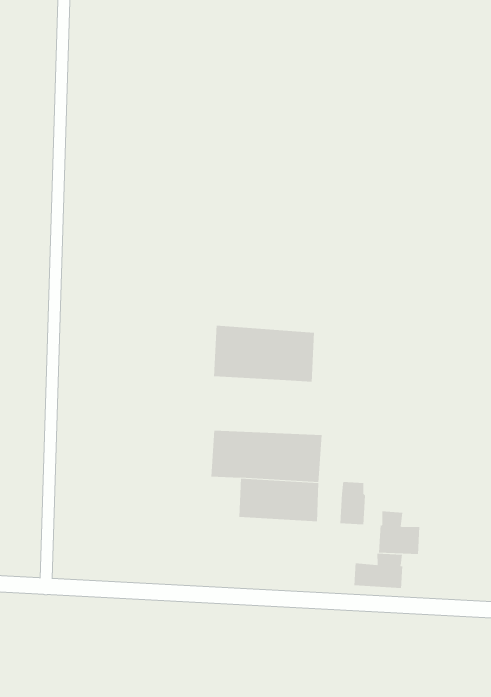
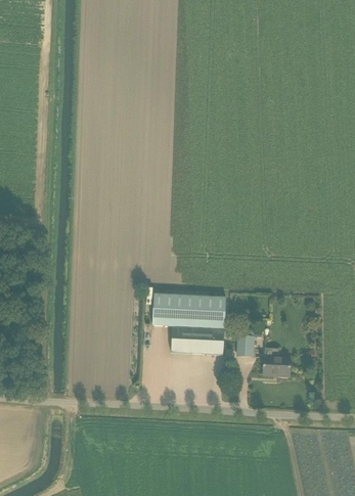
building: [214,325,315,383] -> none
building: [354,553,403,589] -> none

